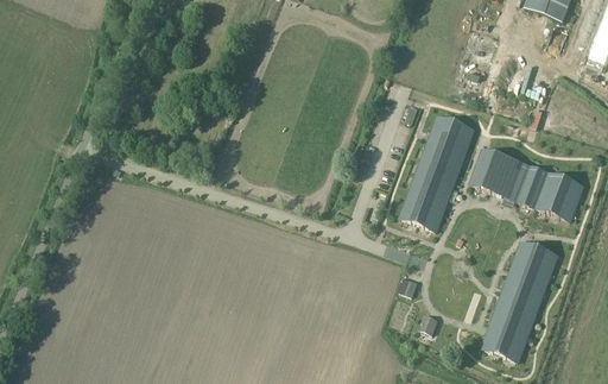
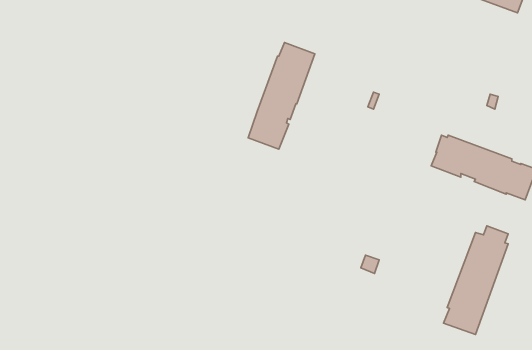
building: [401,117,471,228] -> [248,43,315,149]

